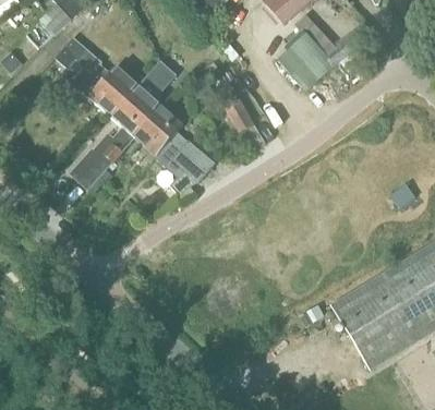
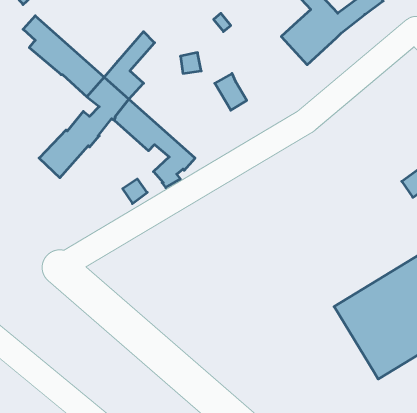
building: [65,37,138,100] -> none
building: [148,106,216,172] -> none

